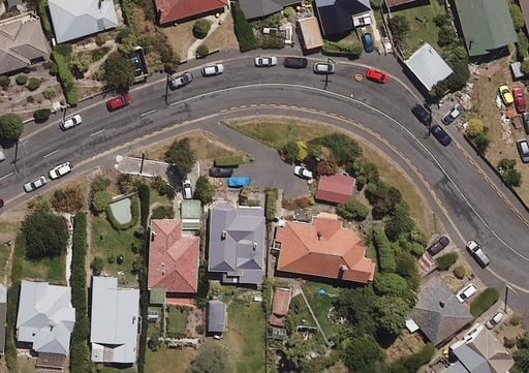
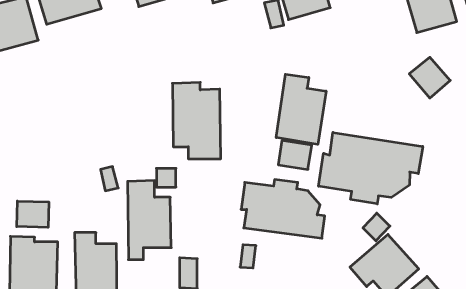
building: [406,43,452,89] -> [409,57,450,98]
building: none -> [276,74,326,144]
building: none -> [319,132,423,204]
building: [209,198,262,283] -> [172,82,221,159]
building: none -> [17,201,49,227]

